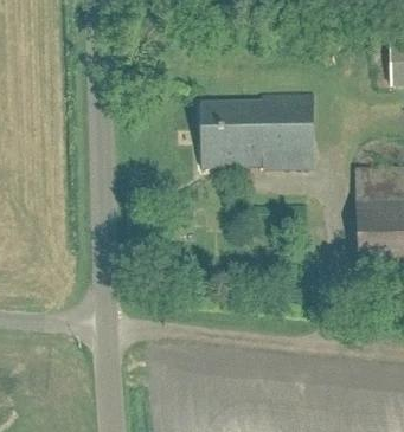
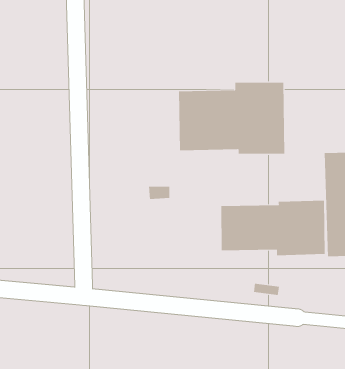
building: none -> [221,200,325,256]

